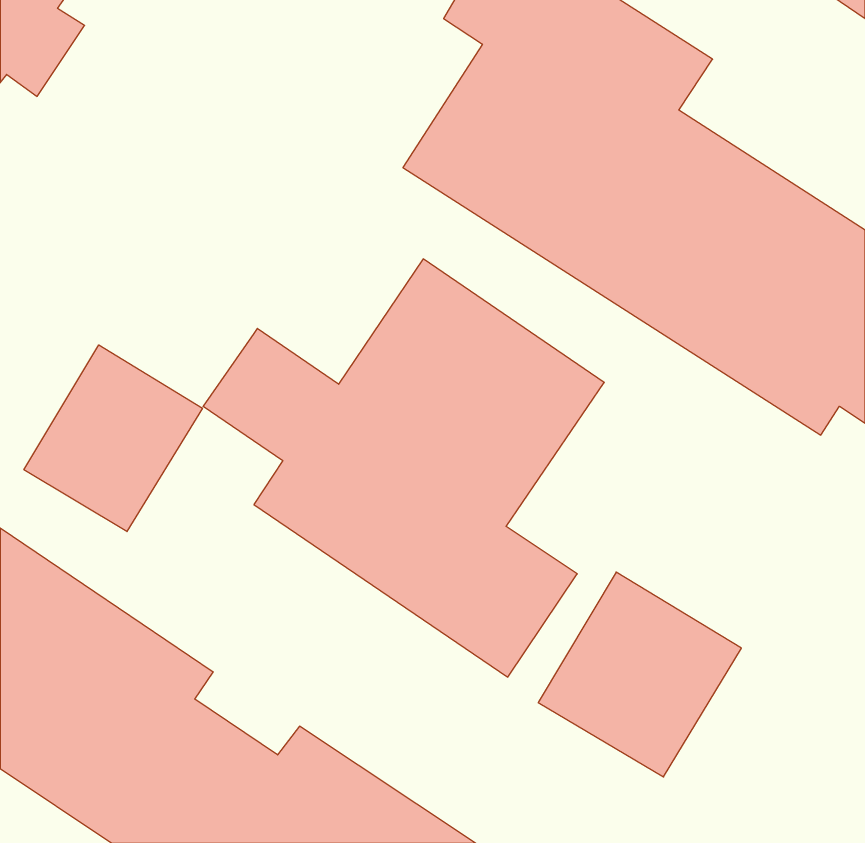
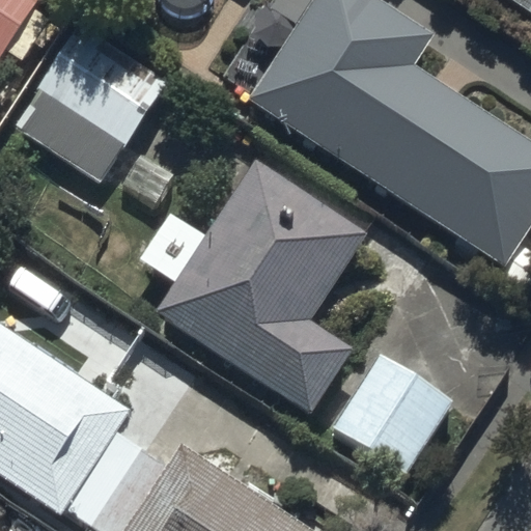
building: none -> [15,20,175,204]
building: [24,345,202,532] -> none

